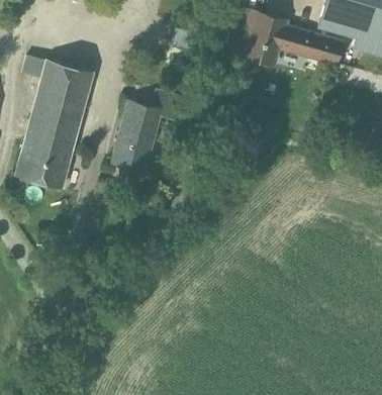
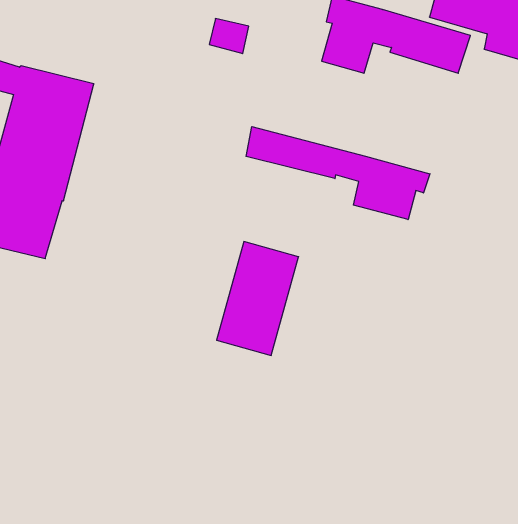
building: [109,99,164,175] -> [217,242,299,355]
building: none -> [246,127,430,220]

